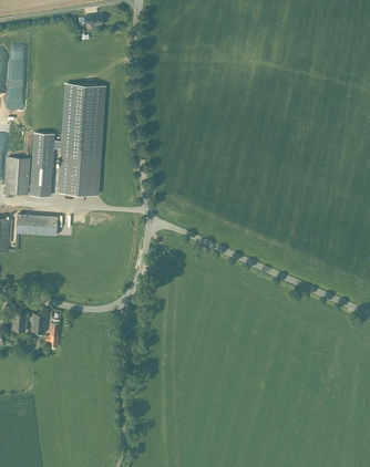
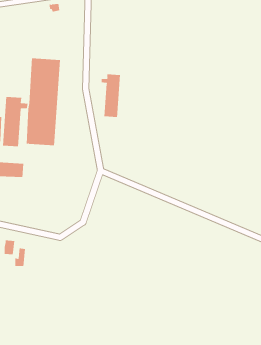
building: none -> [101,73,120,118]

